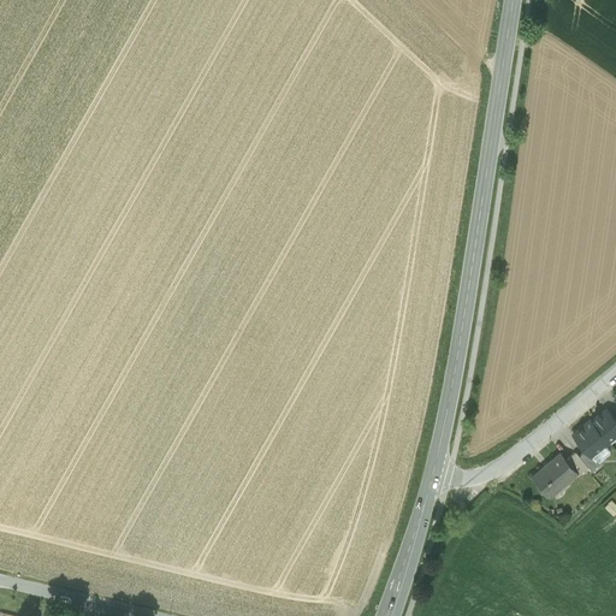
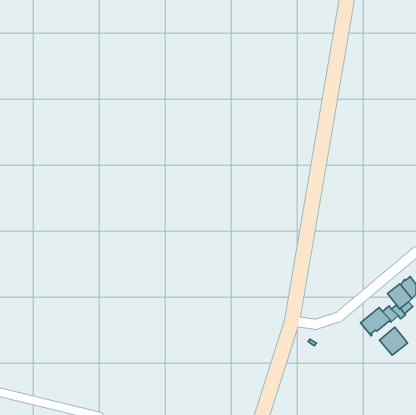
building: none -> [380,327,407,355]

